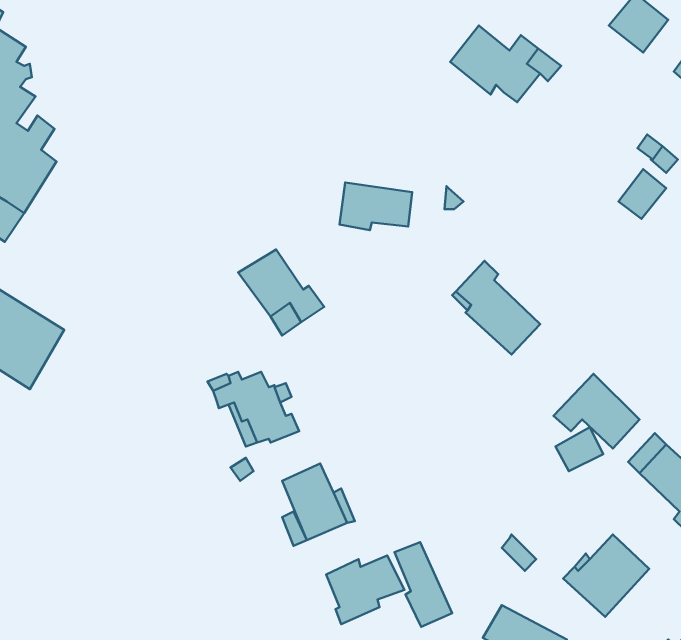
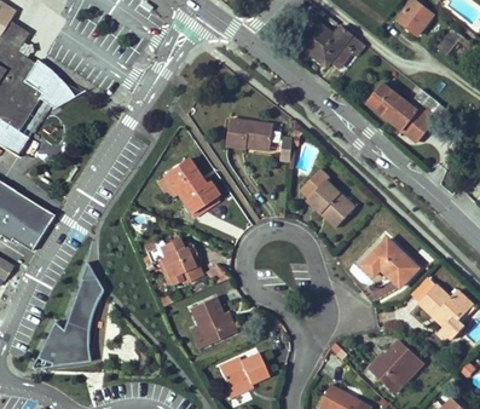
building: none -> [23,57,75,108]
building: none -> [369,82,420,131]
building: none -> [36,264,98,364]
building: [395,542,452,627] -> none

